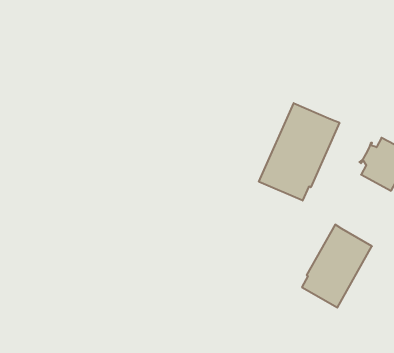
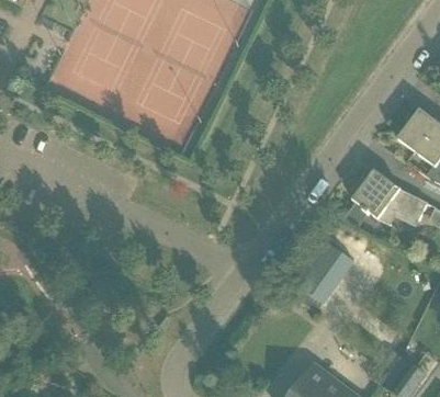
building: [259,103,339,201] -> none

